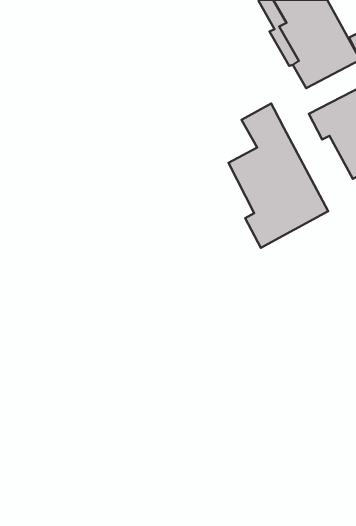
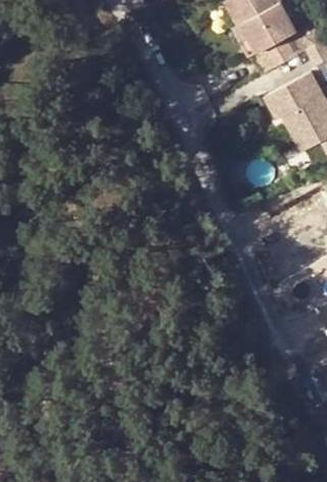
building: [228,104,328,248] -> none

